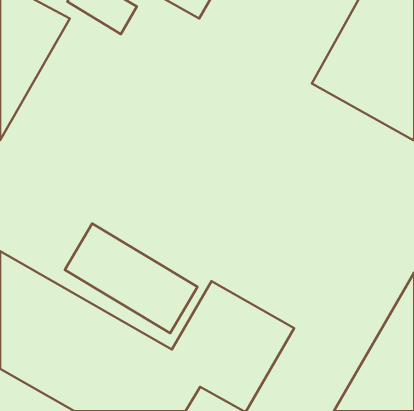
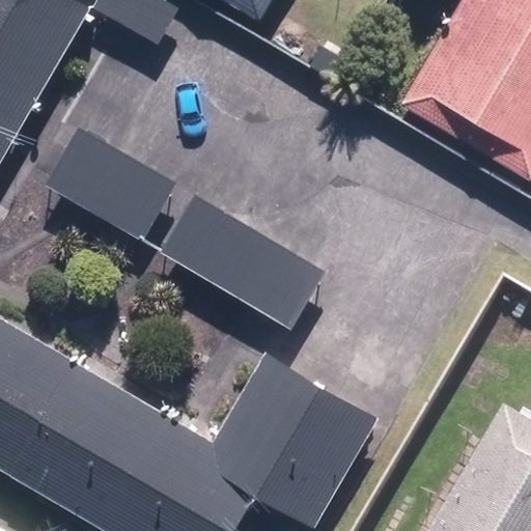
building: none -> [40,123,175,242]
building: [65,224,198,333] -> [157,193,327,333]

